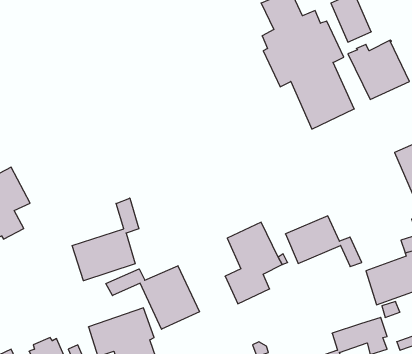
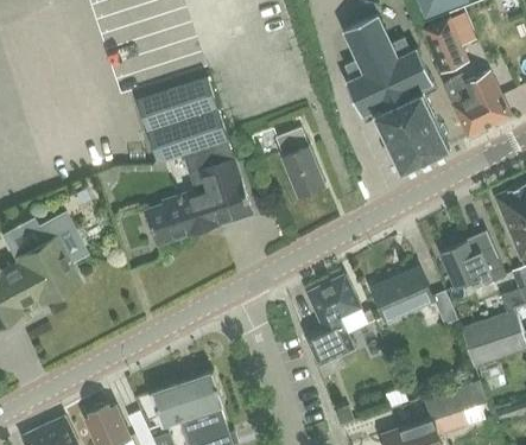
building: none -> [138,78,253,246]
building: none -> [275,128,325,196]
building: none -> [441,233,505,288]
building: [72,198,139,281] -> none
building: [106,266,199,329] -> none

